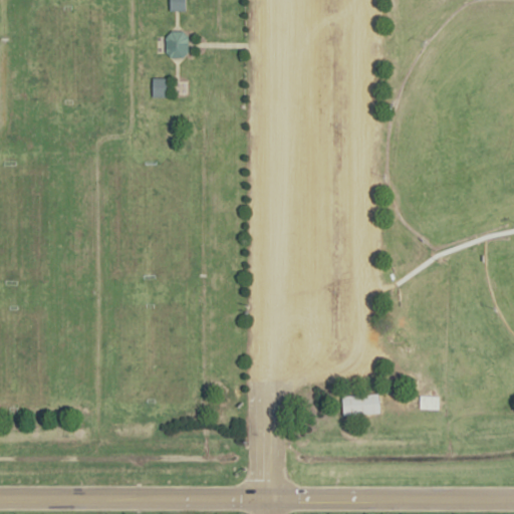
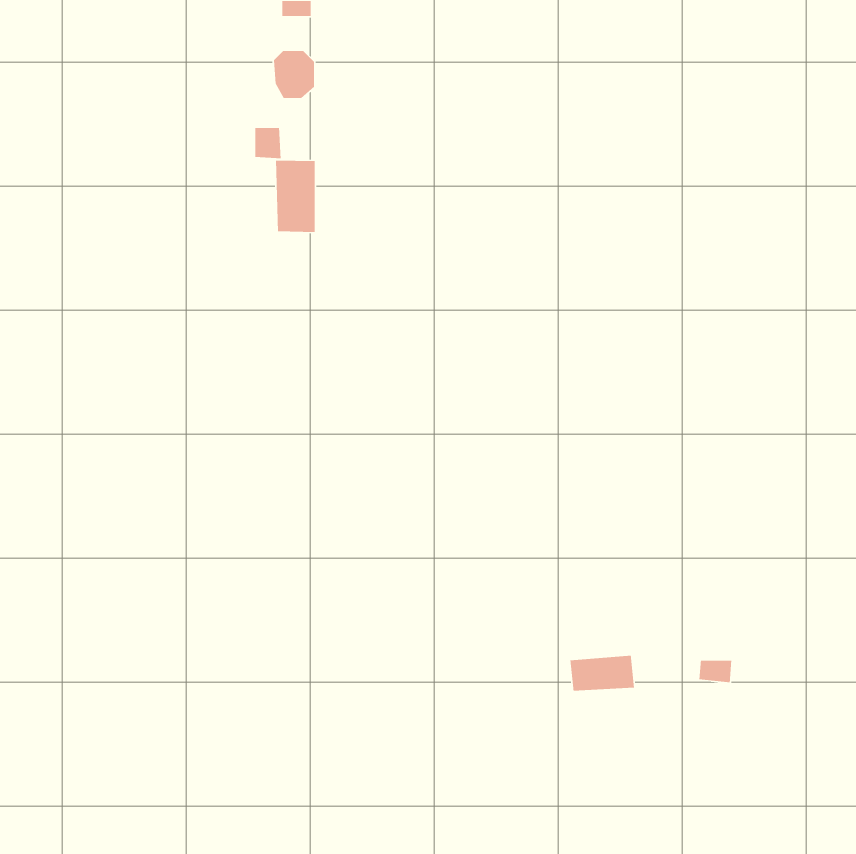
building: none -> [275,160,316,233]

